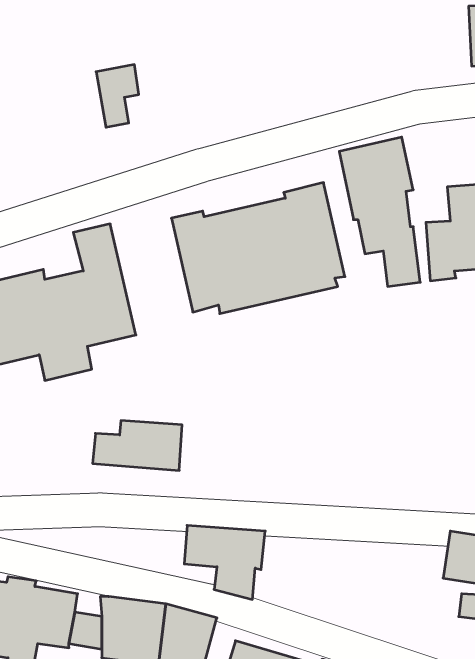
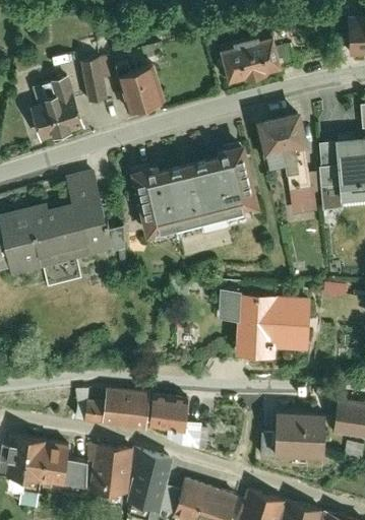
building: none -> [220,36,285,89]
building: none -> [115,69,164,120]
building: none -> [32,81,83,145]
building: none -> [215,287,311,352]
building: [93,421,182,470] -> [82,386,146,421]
building: none -> [258,407,323,452]

